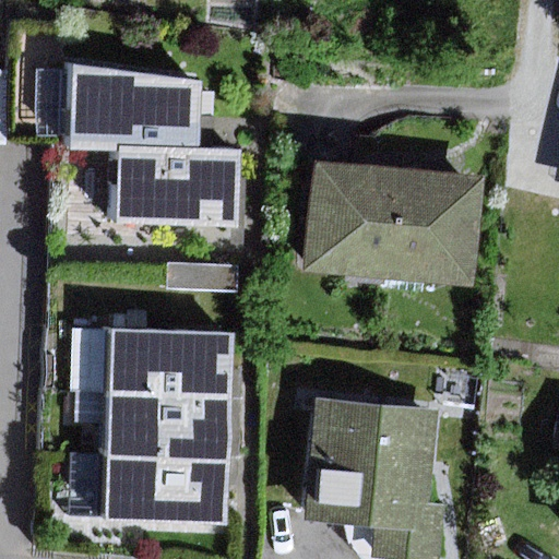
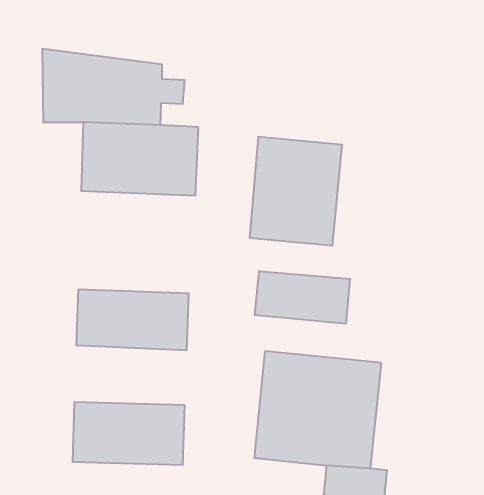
building: [389,167,486,288] -> none
building: none -> [255,271,350,324]
building: [100,391,226,457] -> none

